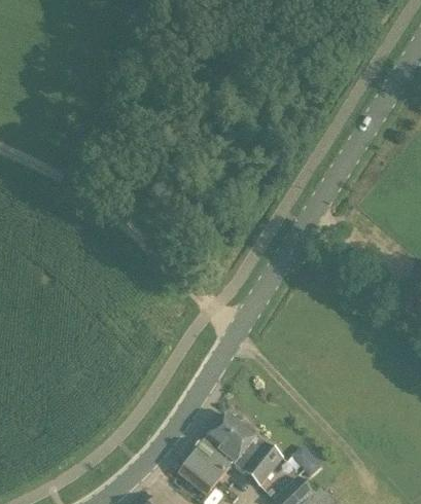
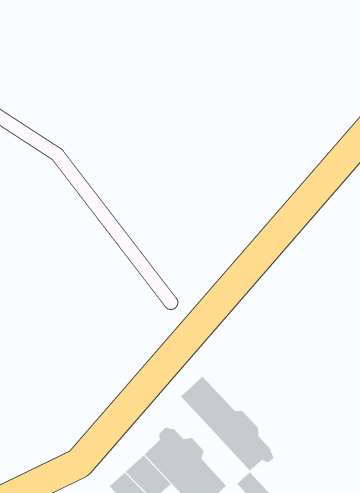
building: none -> [180,376,274,471]

